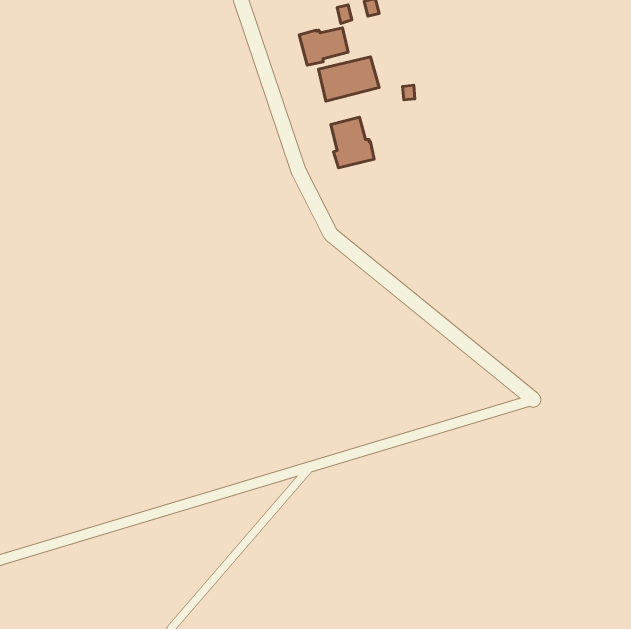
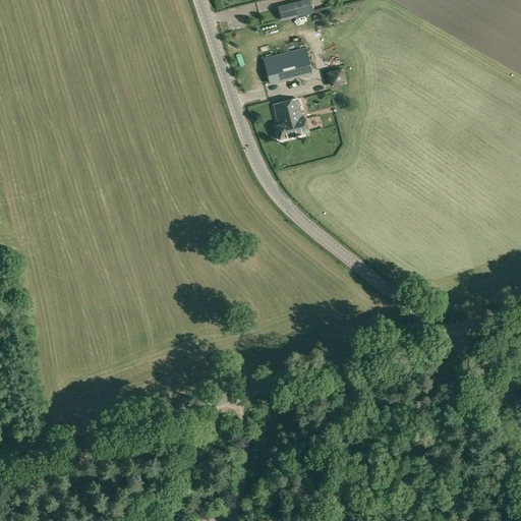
building: [299,28,348,65] -> none

